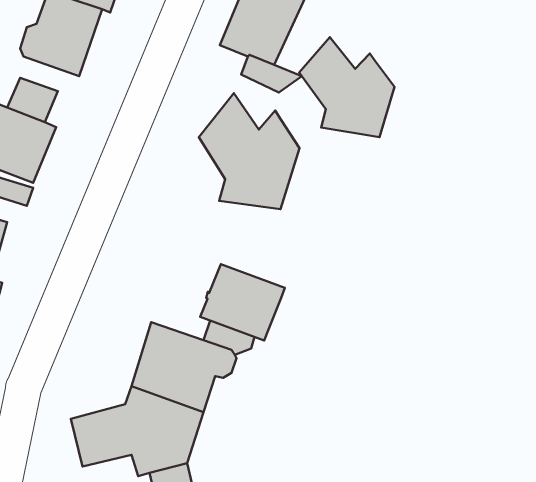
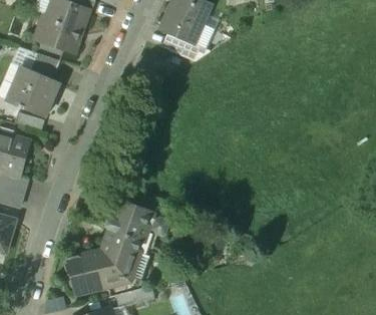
building: [299,37,394,137] -> none
building: [199,93,299,209] -> none
building: [200,264,285,340] -> none

